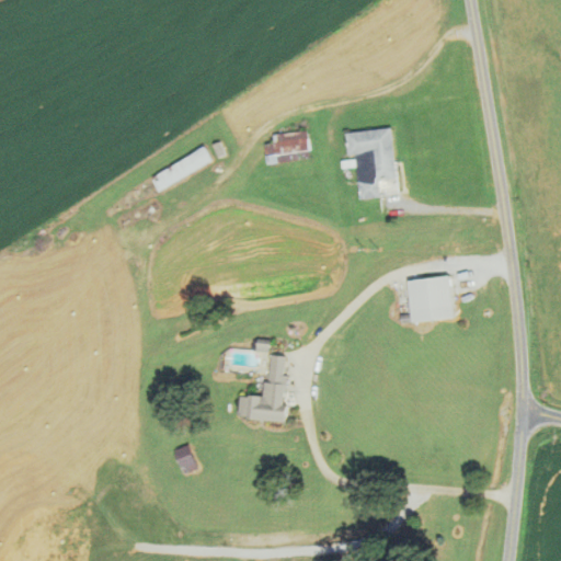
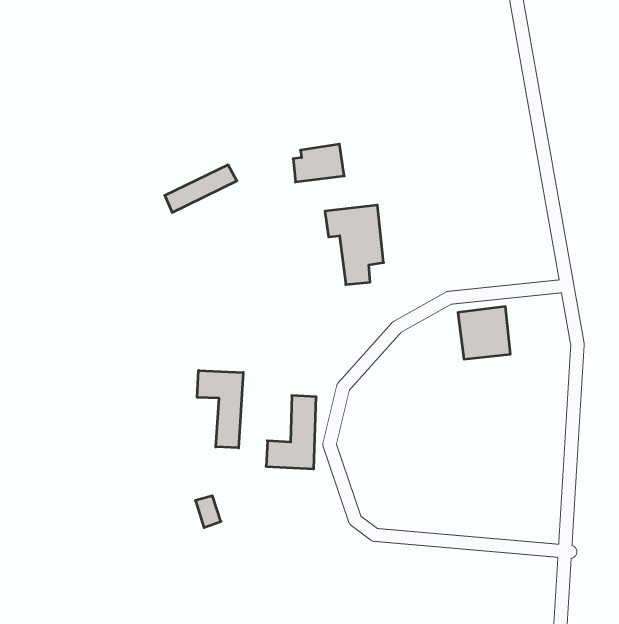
building: [343,127,396,198] -> [325,205,384,285]
building: none -> [197,370,243,448]

